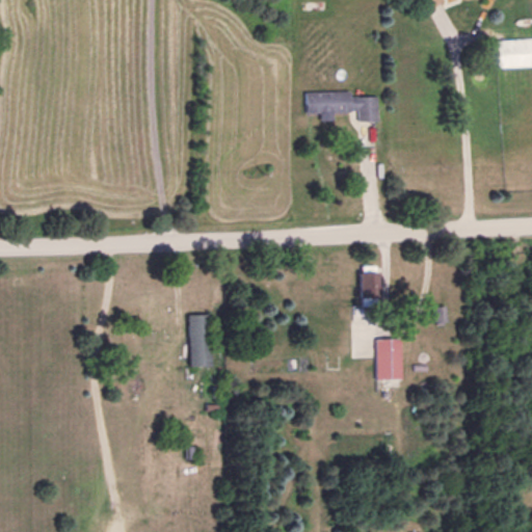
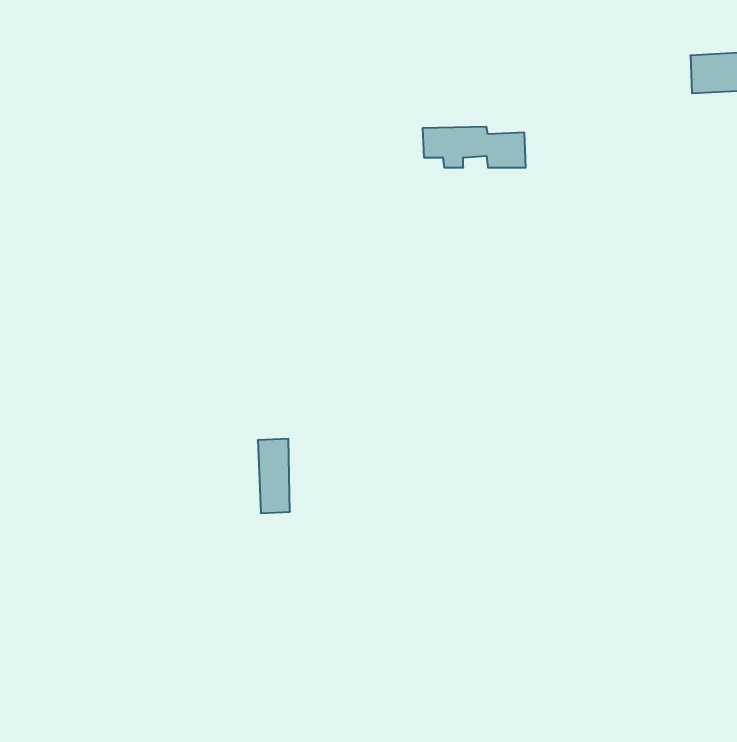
building: [361,273,380,299] -> none
building: [377,340,403,380] -> none

